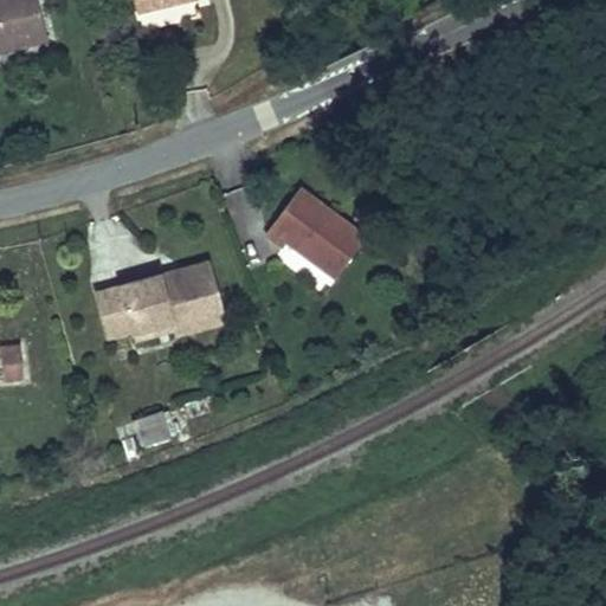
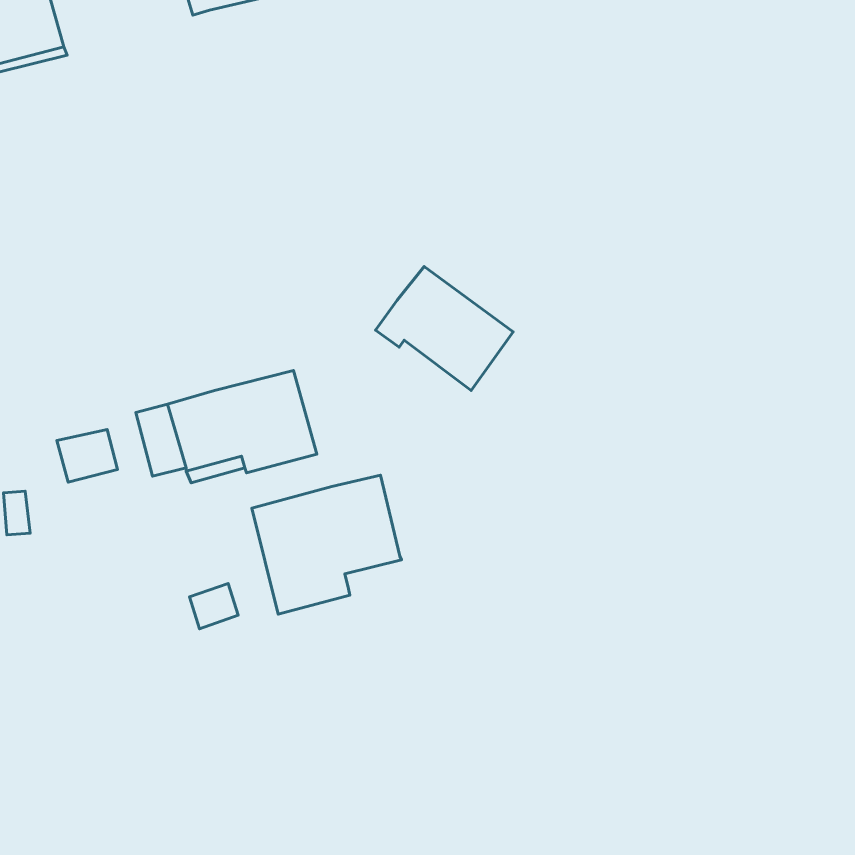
building: none -> [57,429,118,482]
building: none -> [252,475,402,614]

